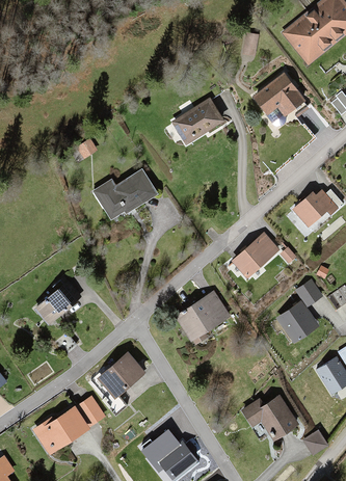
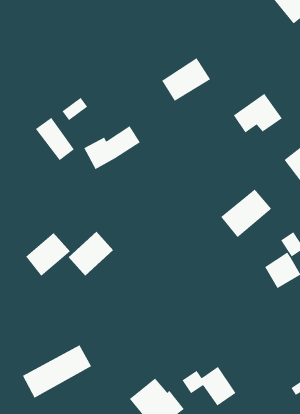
building: [252,78,303,119] -> [233,93,283,134]
building: none -> [35,117,75,161]
building: [174,292,230,339] -> none
building: [95,351,141,398] -> [68,231,114,277]
building: [239,394,295,435] -> [182,366,237,407]

